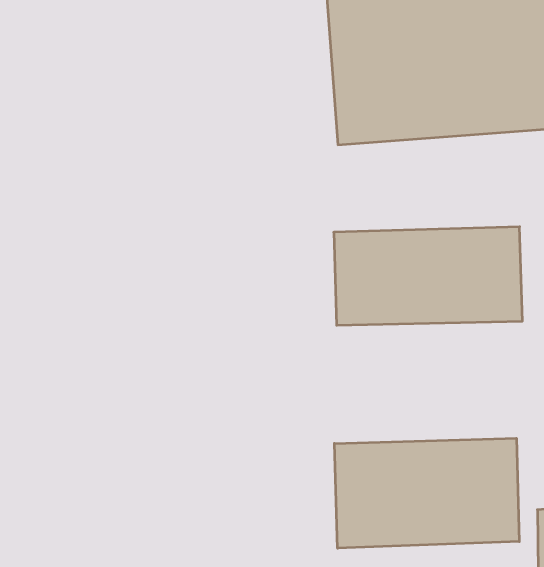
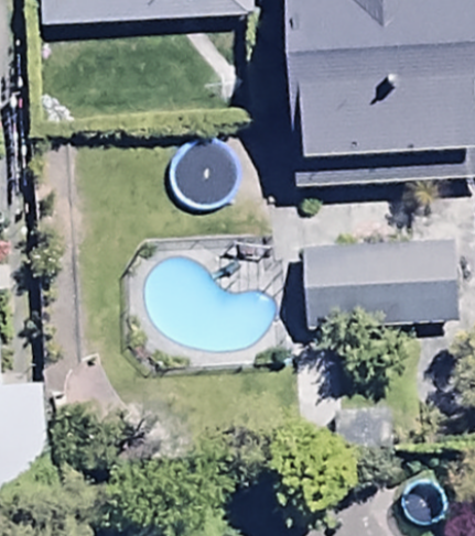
building: [334,438,519,548] -> none

